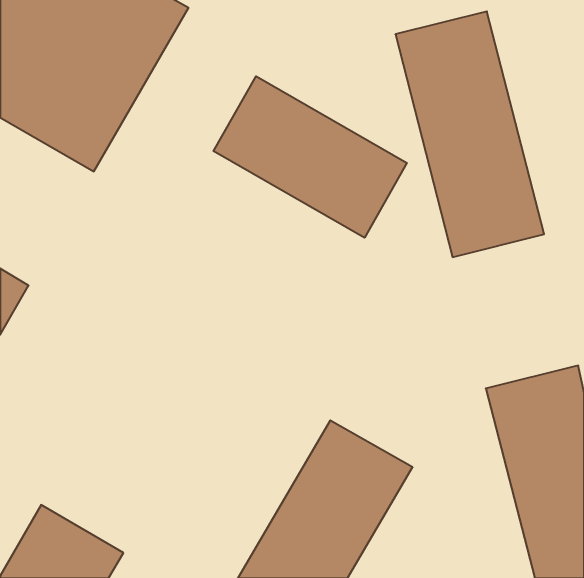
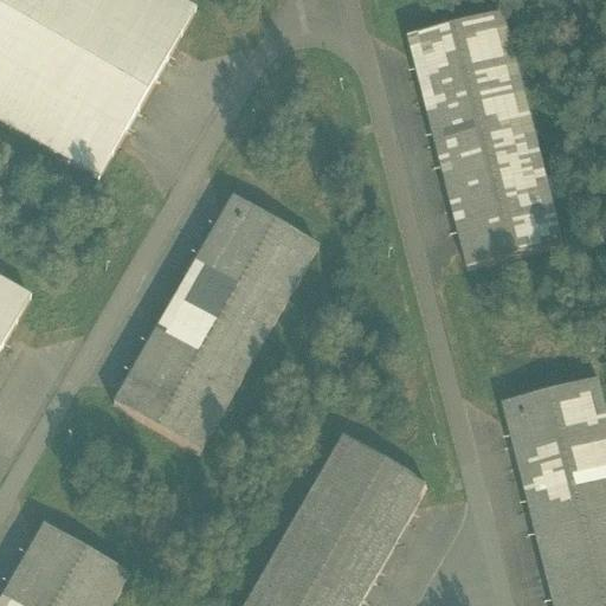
building: [213,76,407,238] -> none
building: none -> [112,196,317,452]

